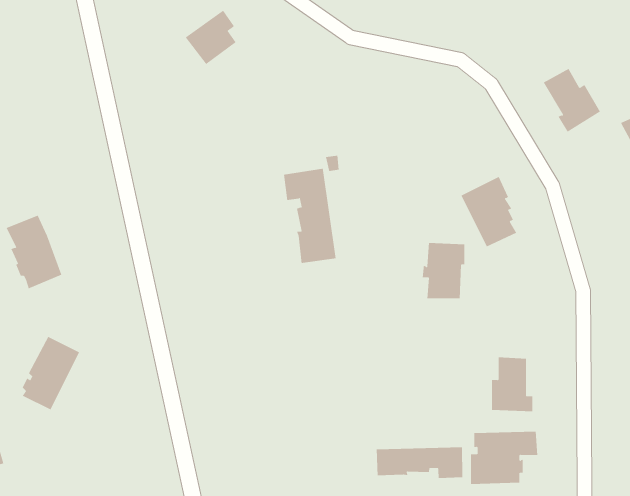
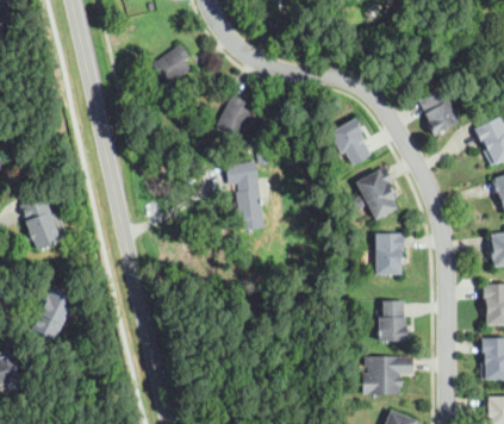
building: none -> [217,95,253,137]
building: none -> [329,117,372,166]
building: [422,242,465,299] -> [372,232,404,274]
building: [376,447,463,479] -> none

